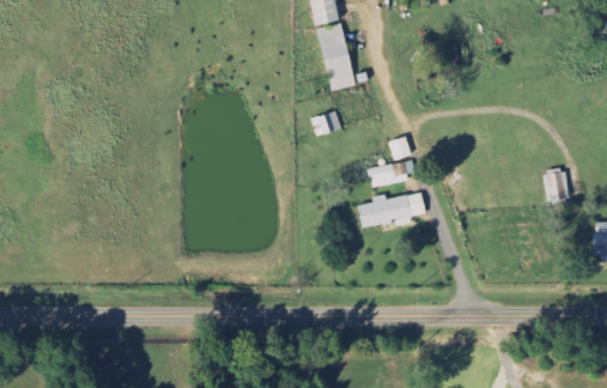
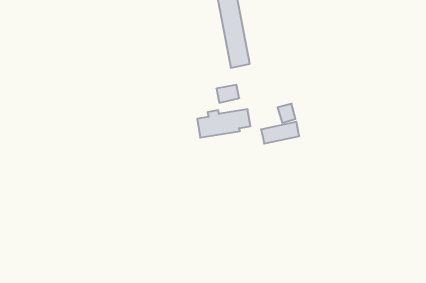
building: [544,169,569,201] -> none
building: [358,192,425,228] -> [197,109,250,138]

